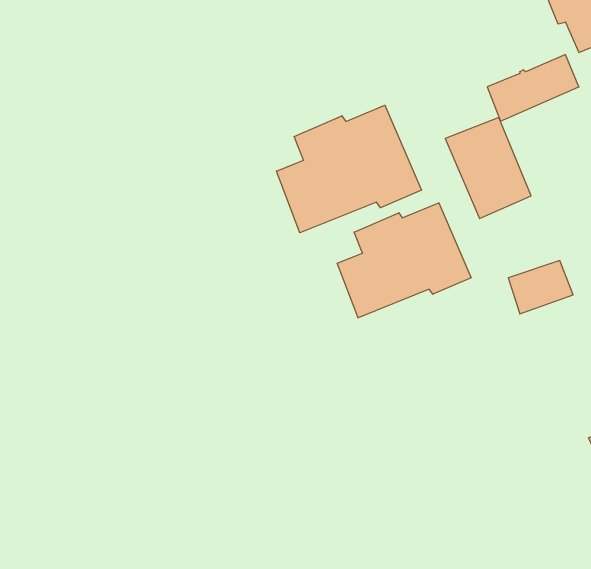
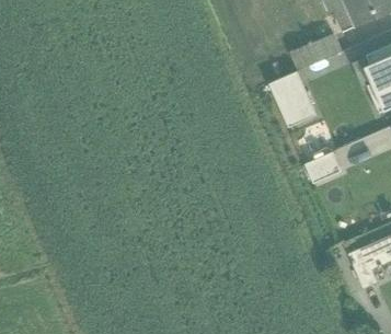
building: [276,105,421,233] -> none
building: [337,203,471,318] -> none

